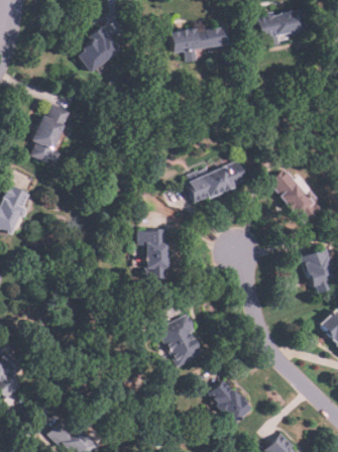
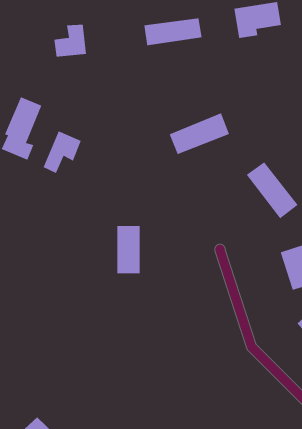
building: none -> [43,131,81,174]
building: [186,159,245,201] -> [169,113,230,155]
building: [157,315,204,366] -> none
building: [207,379,249,422] -> none

